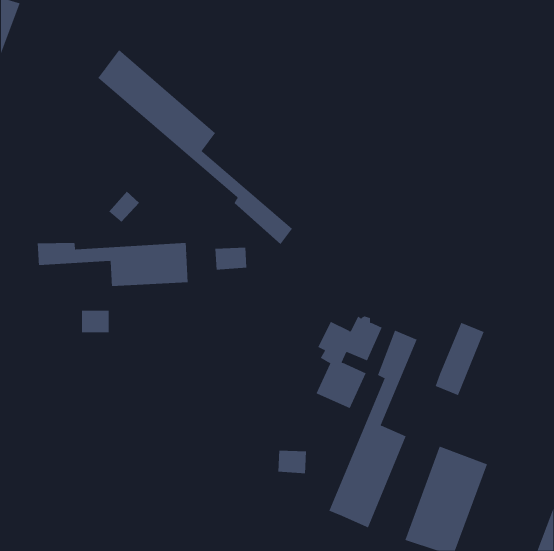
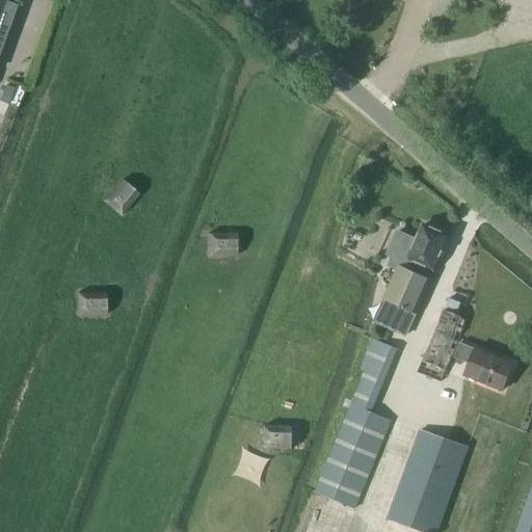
building: [97,49,293,245] -> none
building: [37,242,188,287] -> none
building: [315,316,383,409] -> [382,222,447,312]
building: none -> [454,340,512,388]

